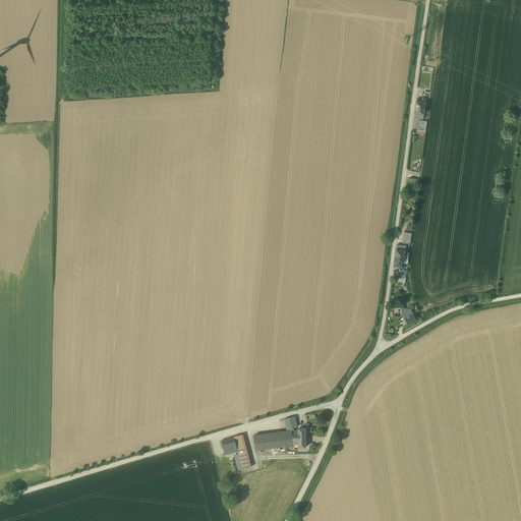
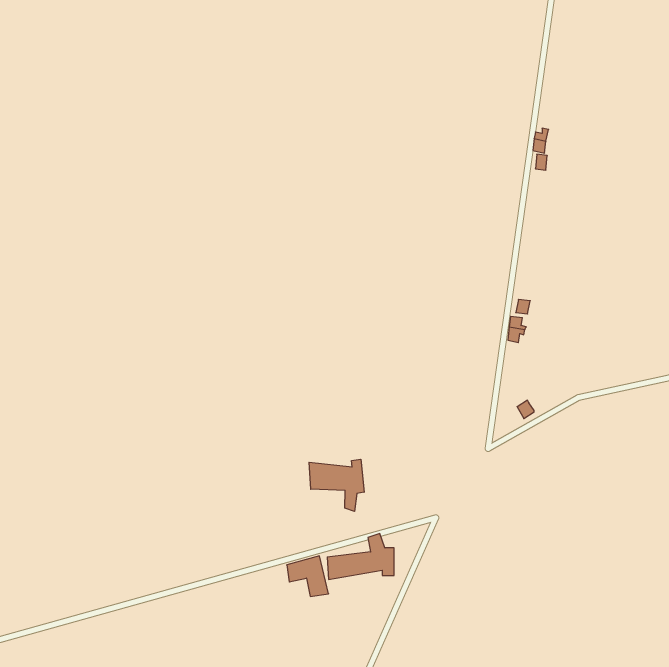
building: none -> [309,459,364,511]

